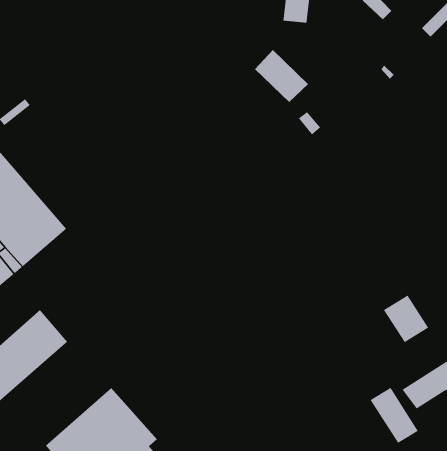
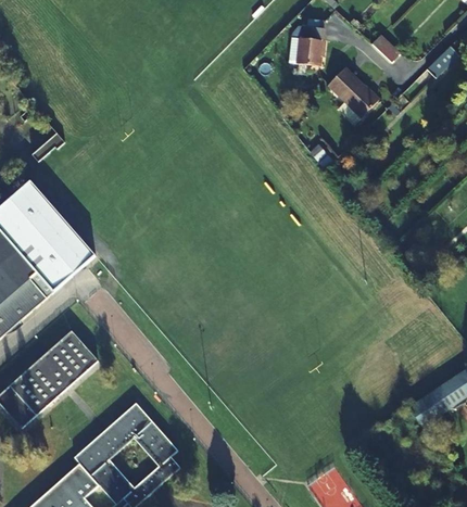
building: [254,49,309,103] -> [327,67,378,117]
building: [383,294,429,343] -> none
building: [370,387,419,444] -> none

